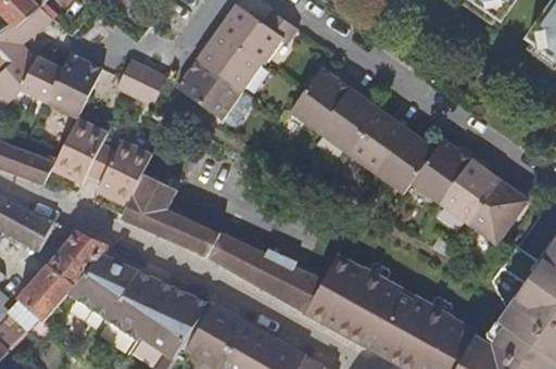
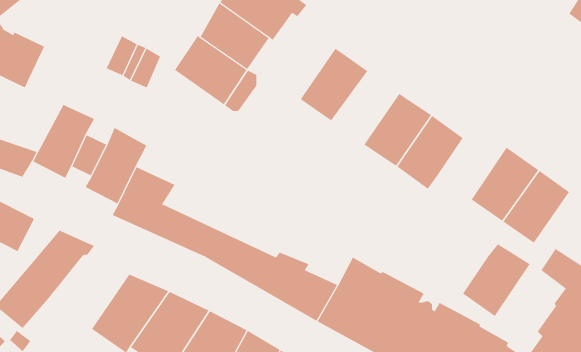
building: [45,51,101,120] -> none
building: [317,89,377,154] -> none
building: [412,138,472,203] -> [462,243,531,317]
building: [65,252,137,318] -> none

